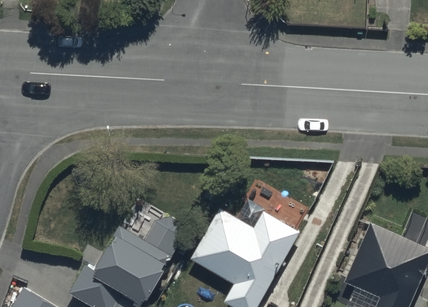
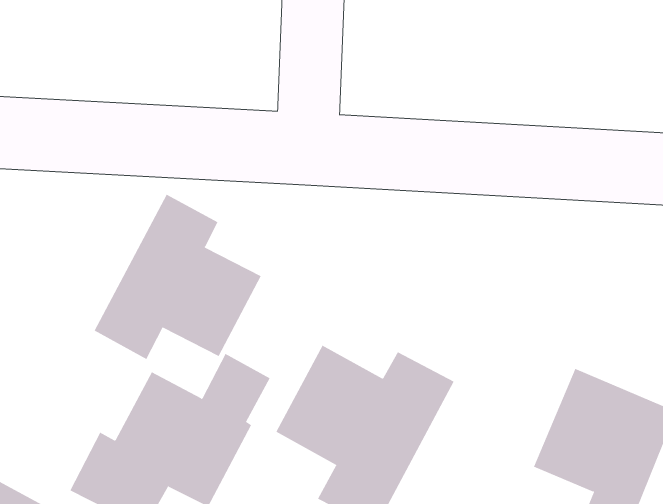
building: none -> [94,194,262,360]

